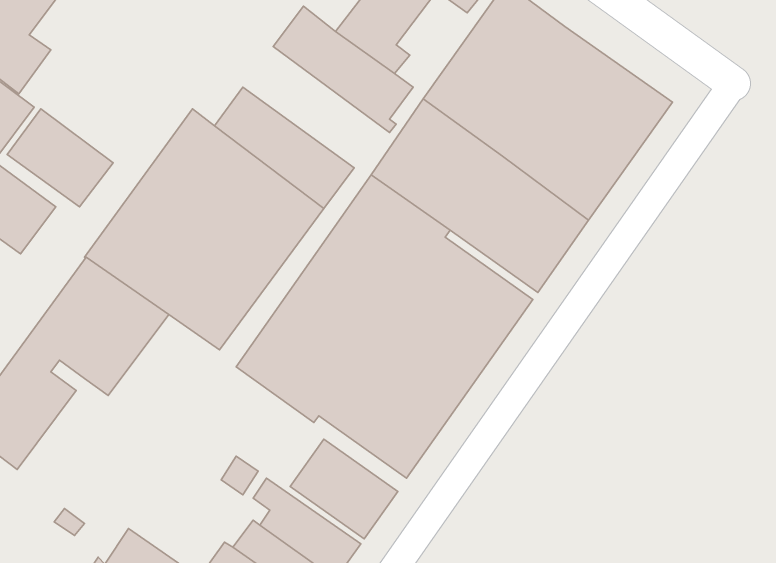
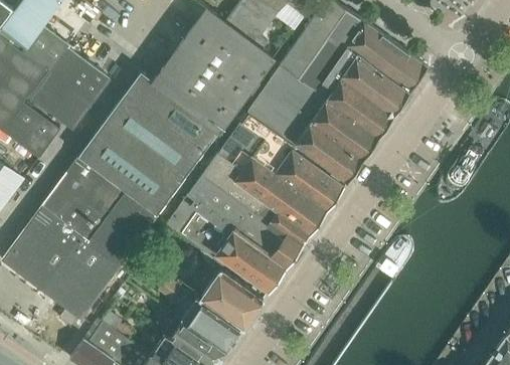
building: none -> [171,34,259,107]
building: none -> [37,36,111,104]
building: none -> [36,194,157,319]

